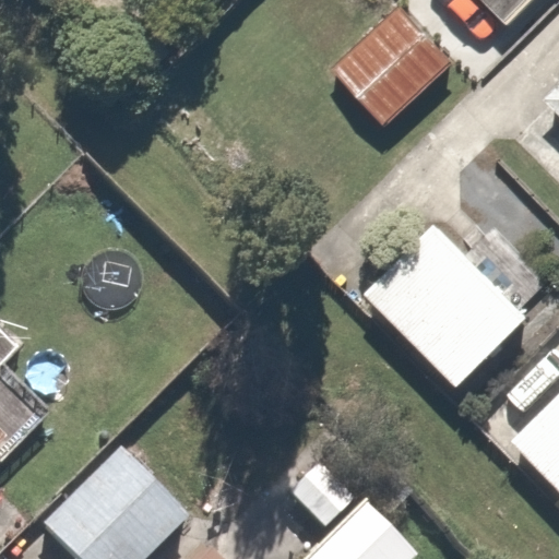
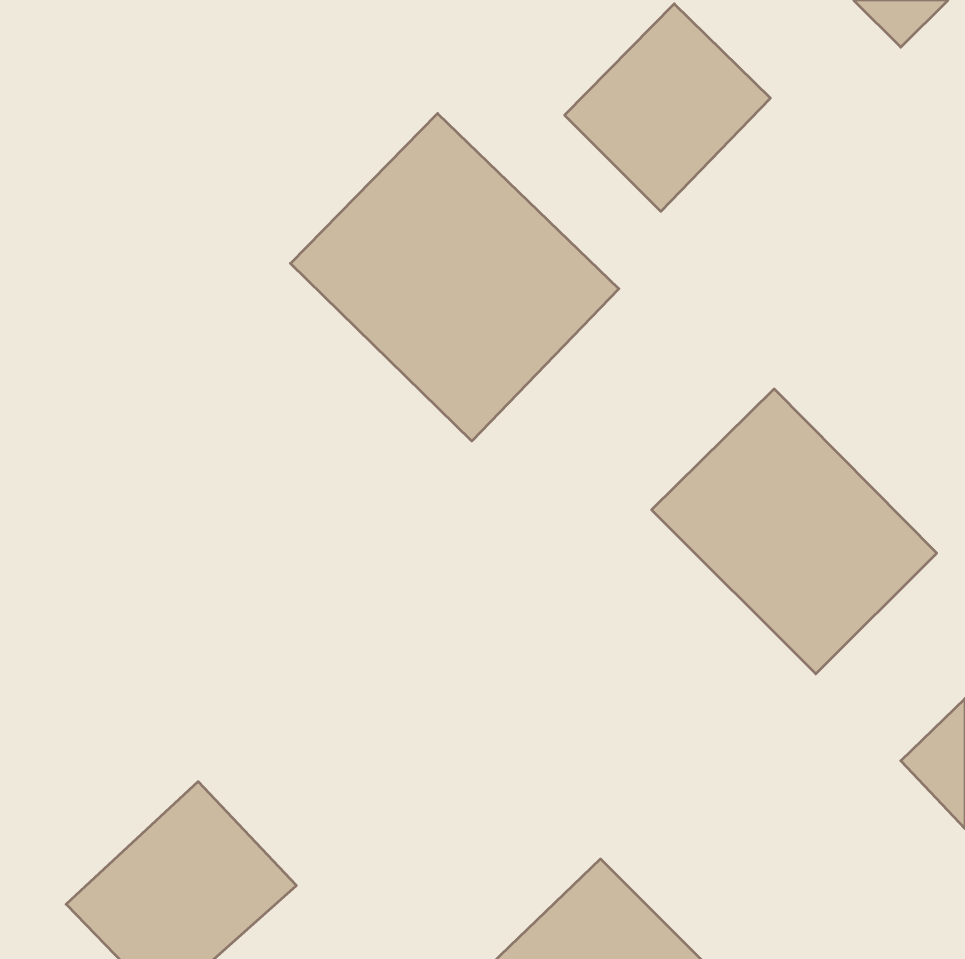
building: none -> [290,113,619,441]

